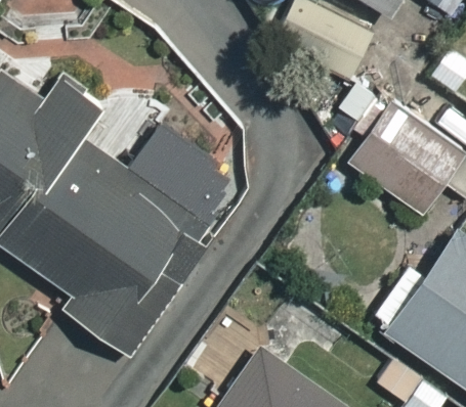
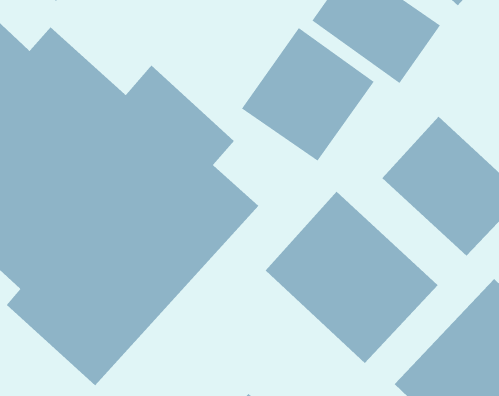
building: none -> [241,27,375,161]
building: none -> [265,191,438,364]

